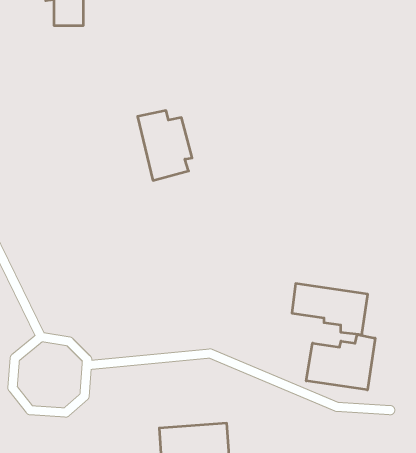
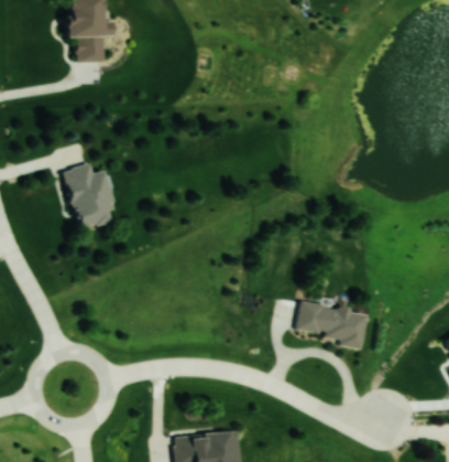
building: [138,111,192,180] -> [65,163,116,228]
building: [306,334,375,390] -> none

